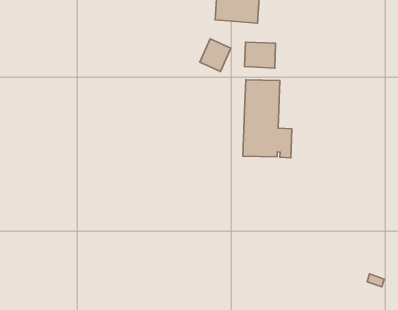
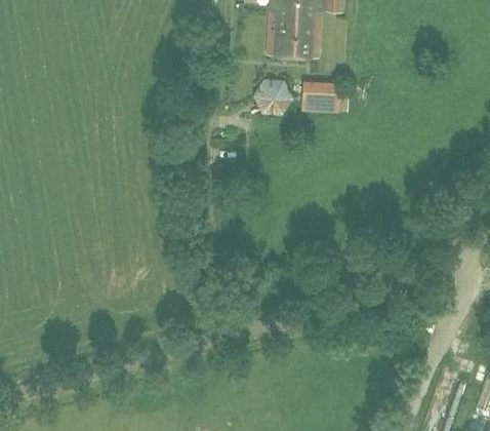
building: [243,80,292,158] -> none

